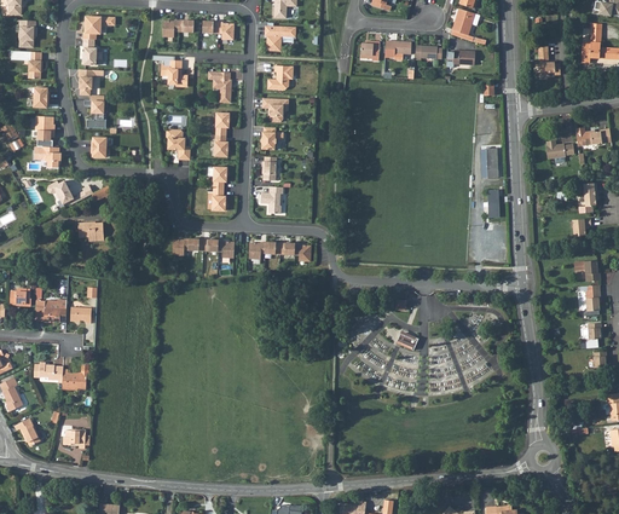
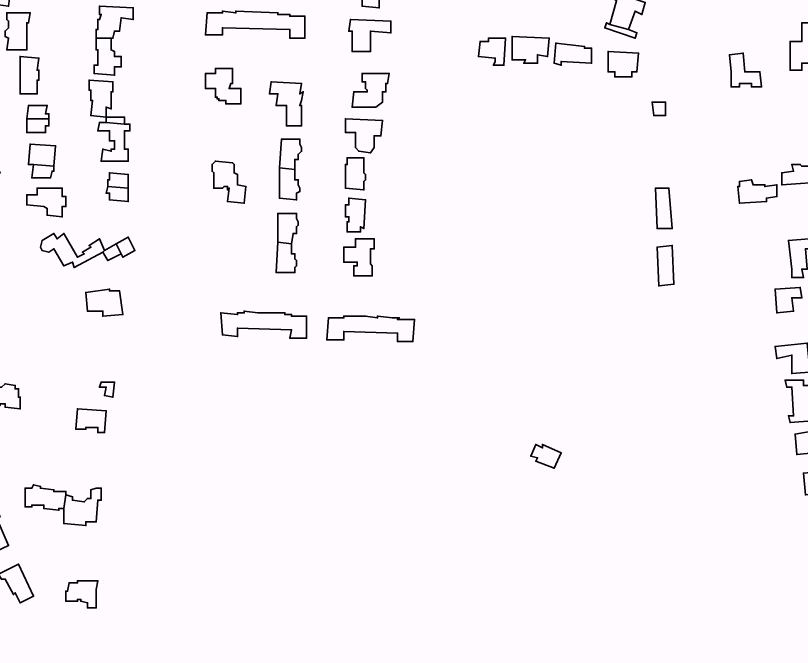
building: [33,300,65,322] -> none

